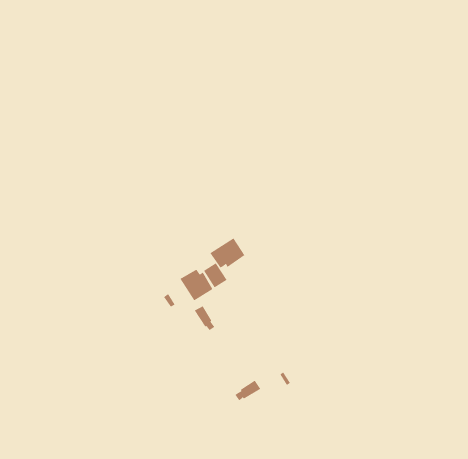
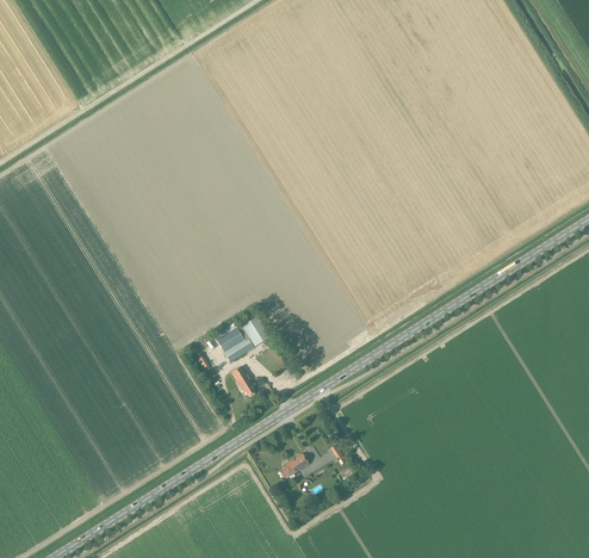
building: [209,237,245,268] -> none

